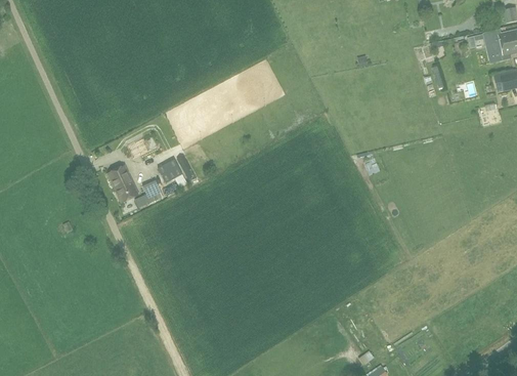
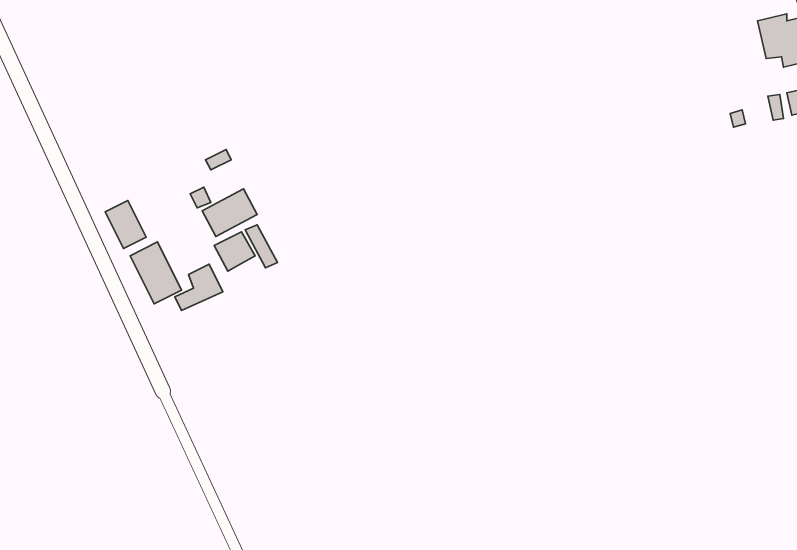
building: none -> [202,189,257,236]
building: none -> [105,200,146,249]

